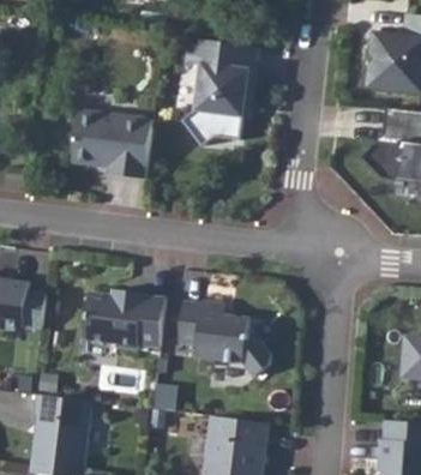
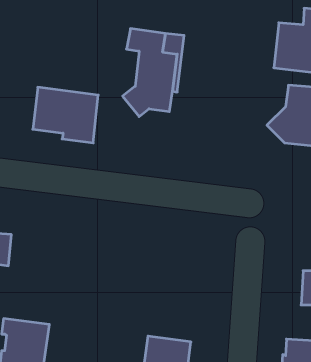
building: [83,289,166,348] -> none
building: [178,300,269,375] -> none

